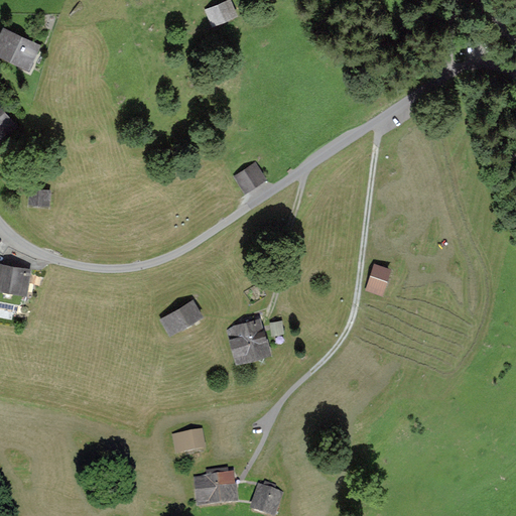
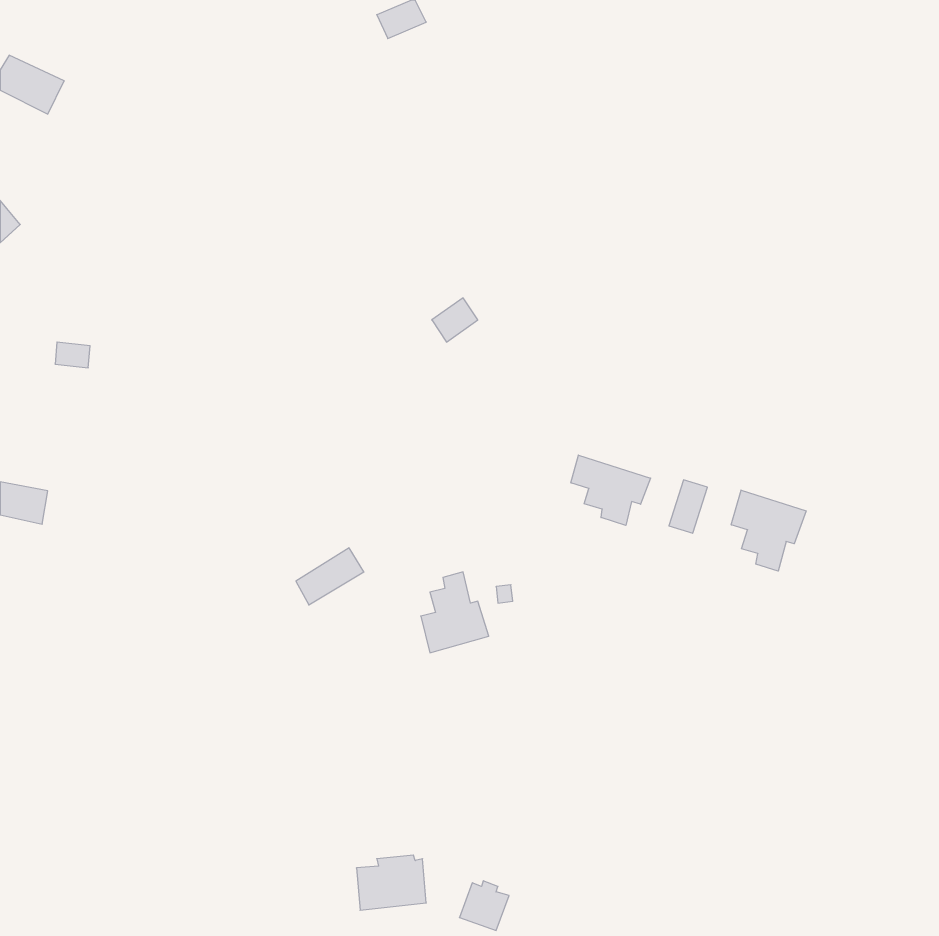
building: none -> [571,455,651,525]
building: none -> [731,490,806,571]
building: [173,431,203,450] -> none

